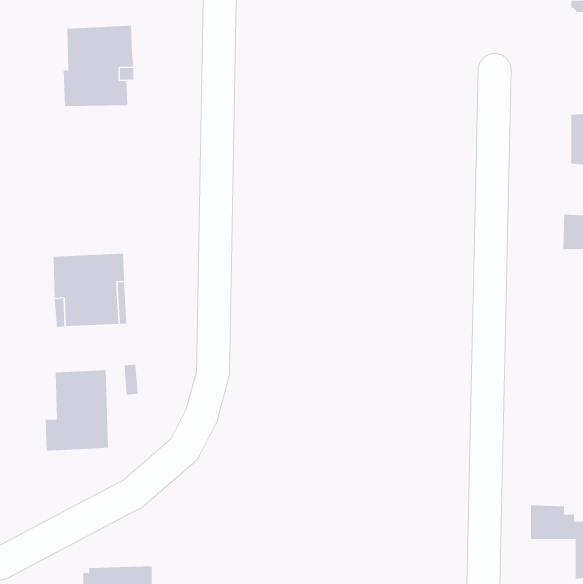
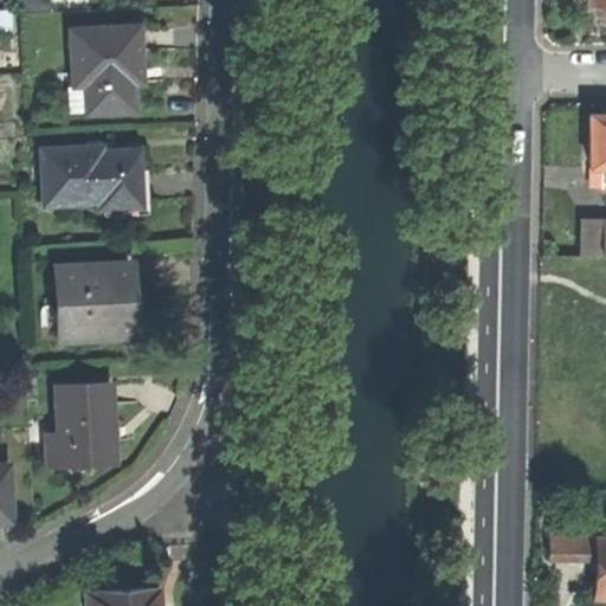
building: none -> [43,147,142,208]

